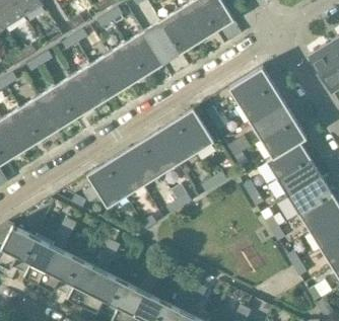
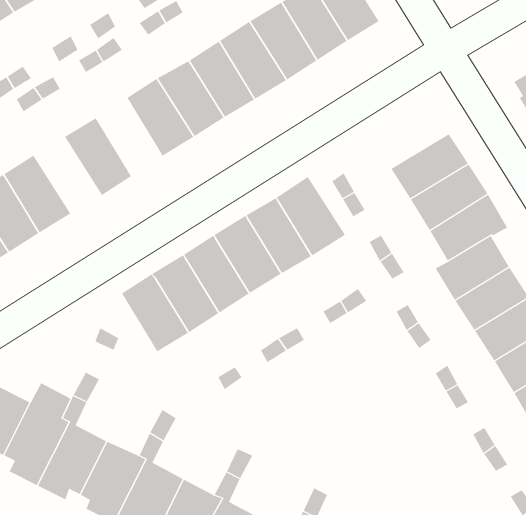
building: [72,64,110,108] -> none
building: [228,66,273,104] -> none
building: [37,86,75,130] -> none

